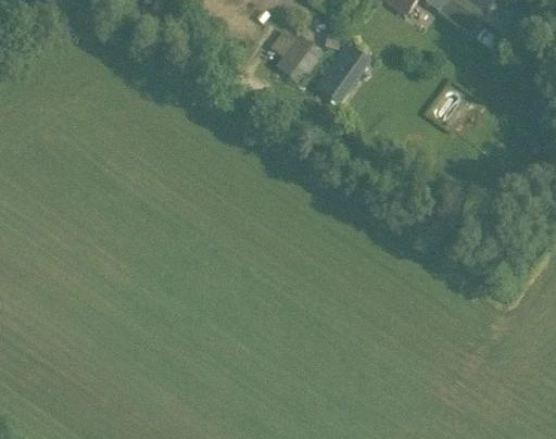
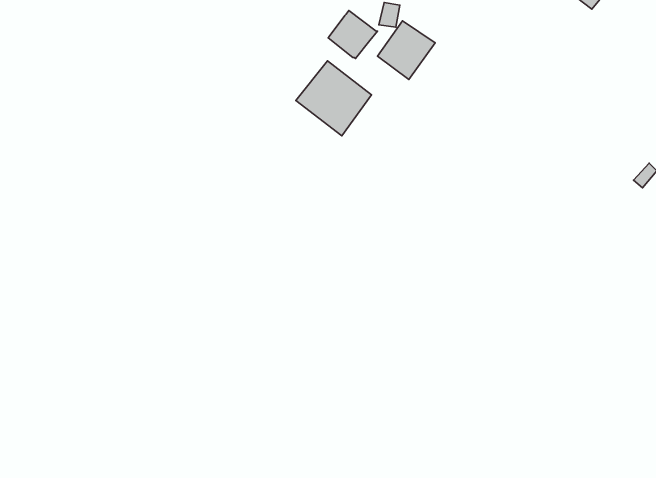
building: none -> [296,61,372,136]

